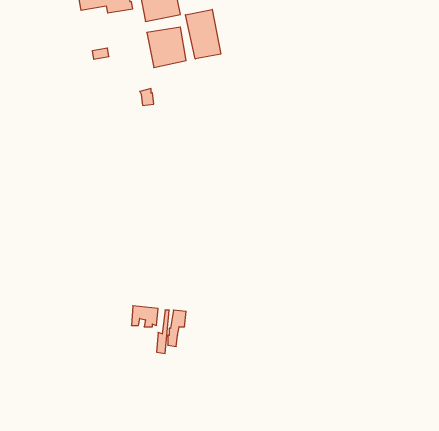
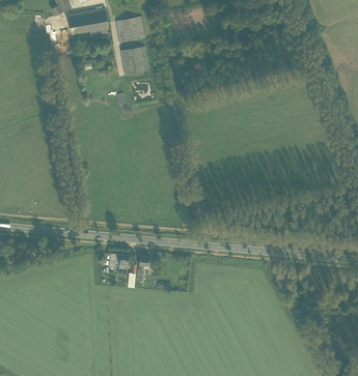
building: [185,9,221,59] -> none

